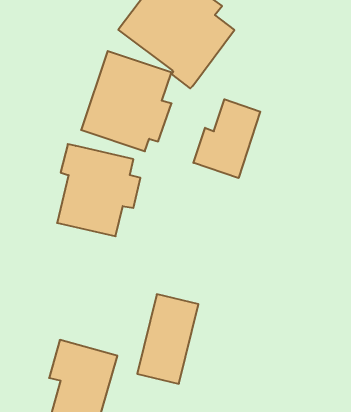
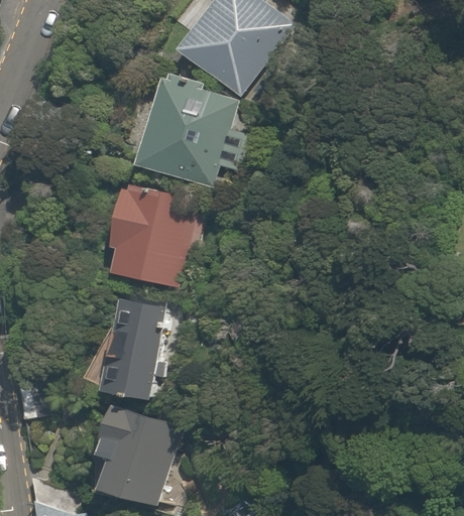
building: [193,99,260,178] -> none
building: [137,294,198,384] -> [97,297,166,399]

